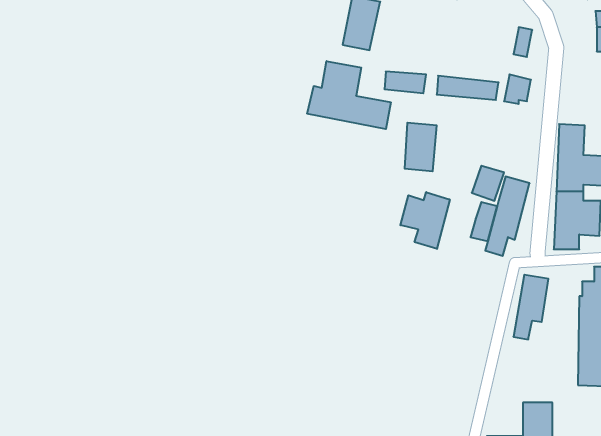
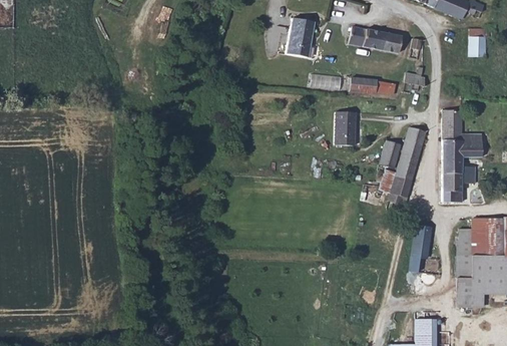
building: none -> [351,28,404,57]
building: [307,61,391,129] -> none
building: none -> [402,124,427,155]
building: [400,192,450,249] -> none

